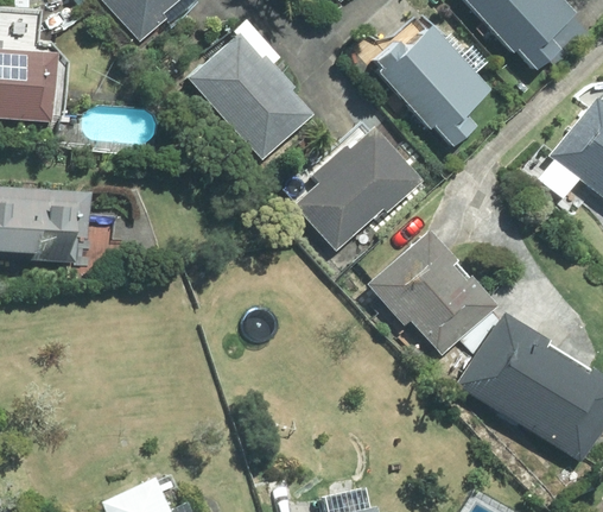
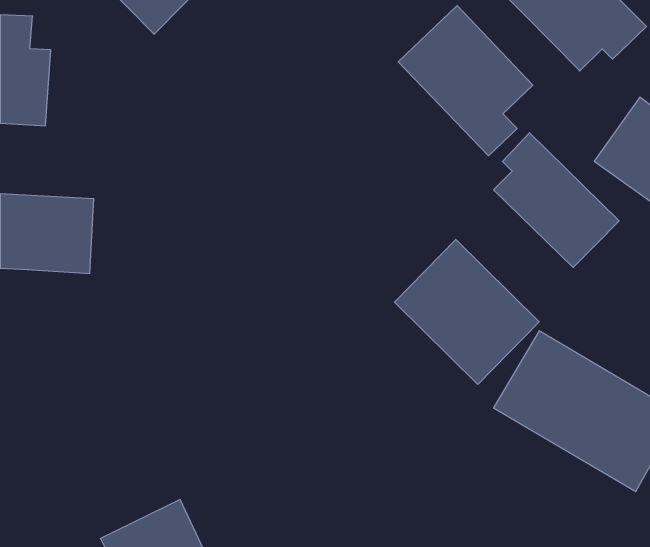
building: [183,20,317,163] -> none
building: [292,126,424,253] -> none
building: none -> [494,133,619,267]

